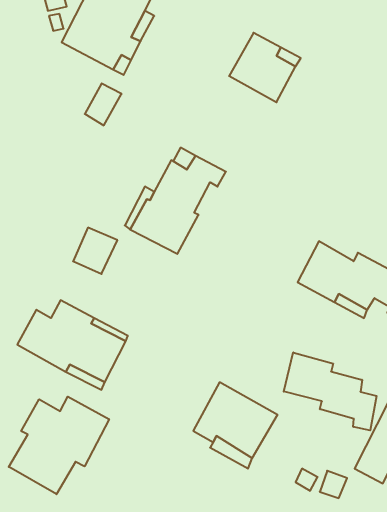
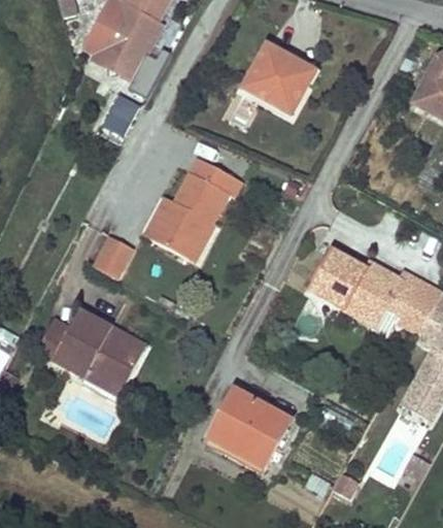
building: [284,352,377,430] -> none
building: [9,397,109,494] -> none

